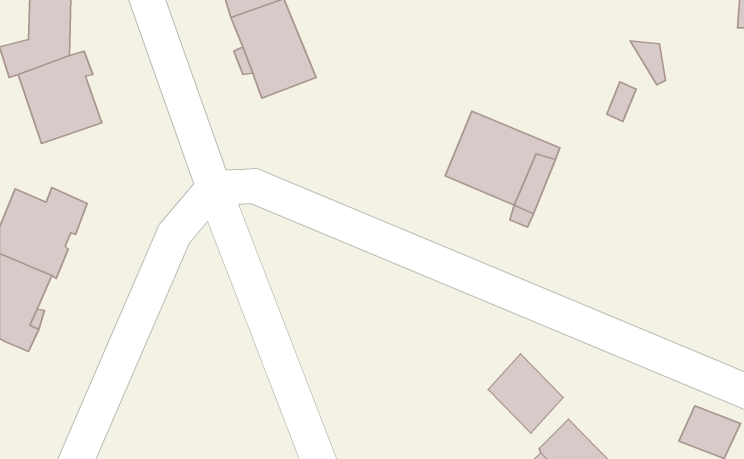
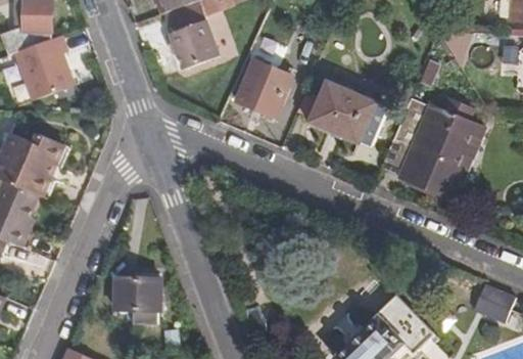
building: none -> [239,60,293,117]
building: none -> [381,100,483,193]
building: [488,354,563,433] -> none
building: none -> [114,276,160,309]

